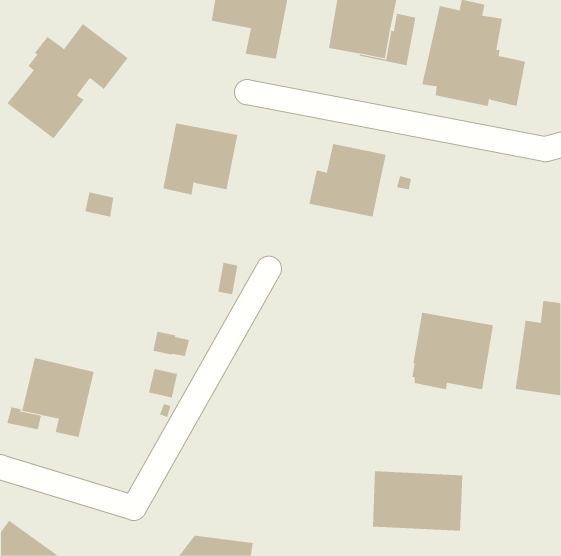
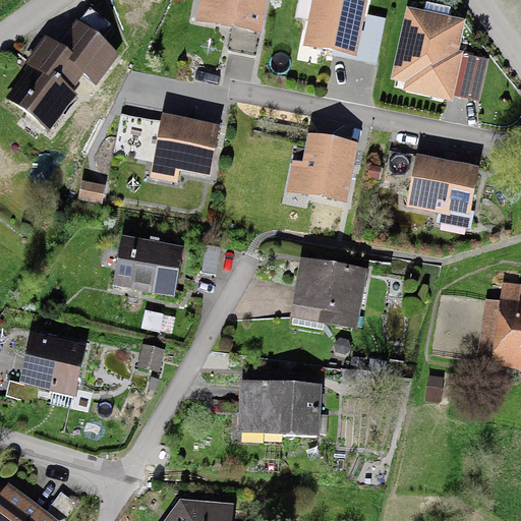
building: none -> [406,155,480,227]
building: none -> [113,234,183,295]
building: [412,312,494,390] -> [291,256,367,329]
building: [372,471,463,531] -> [238,380,323,436]

